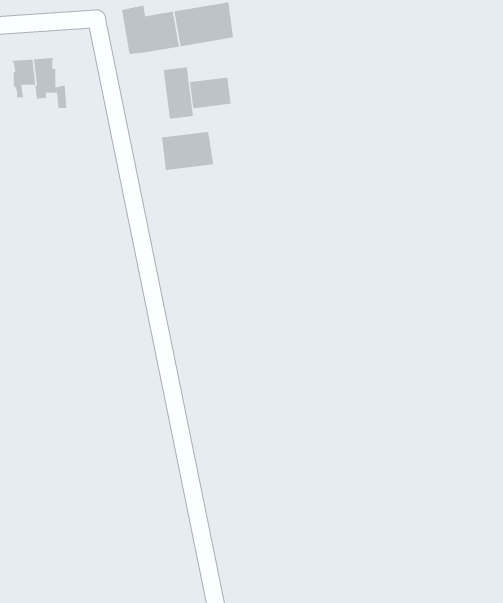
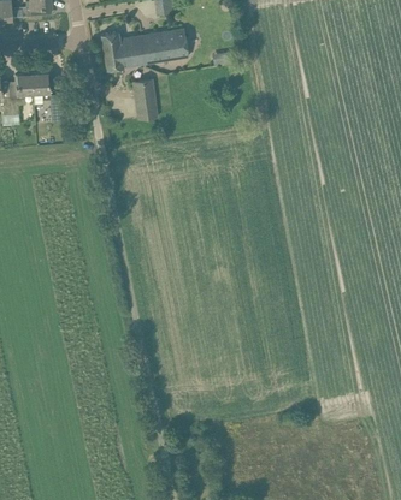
building: [189,77,231,109] -> none
building: [161,131,214,171] -> none

